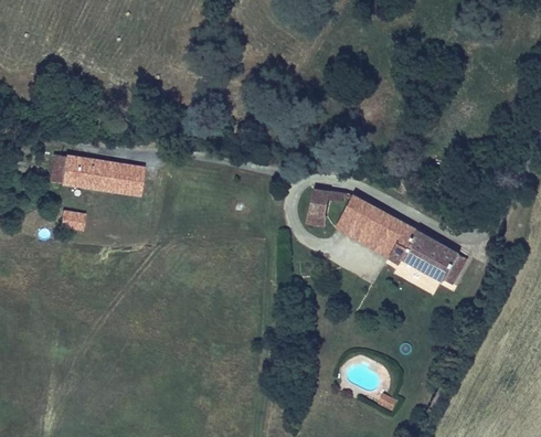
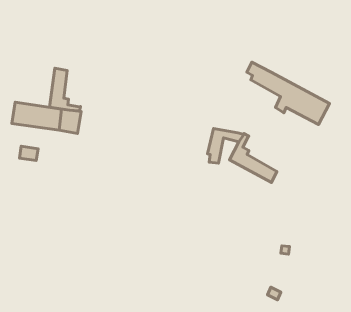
building: none -> [49,68,80,111]
building: [353,200,462,281] -> [247,62,329,125]

